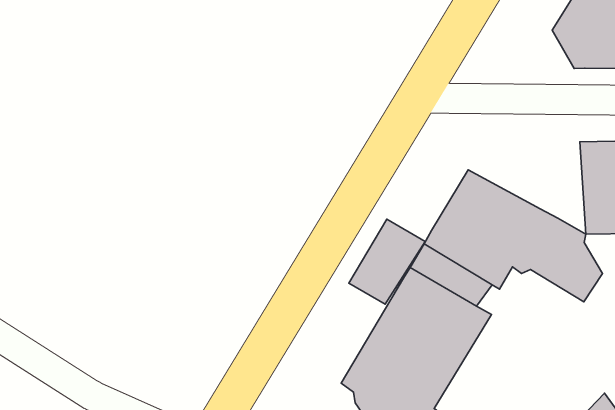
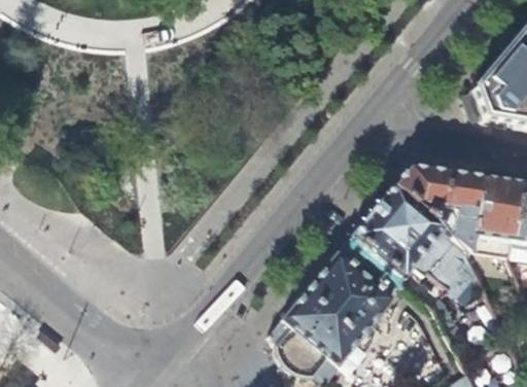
building: none -> [394,165,483,247]
building: [349,219,425,304] -> none

